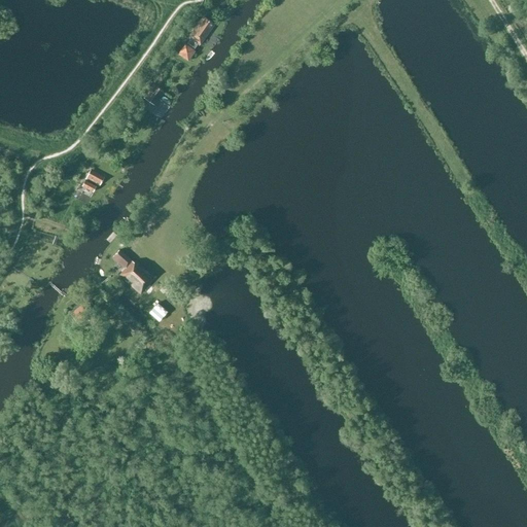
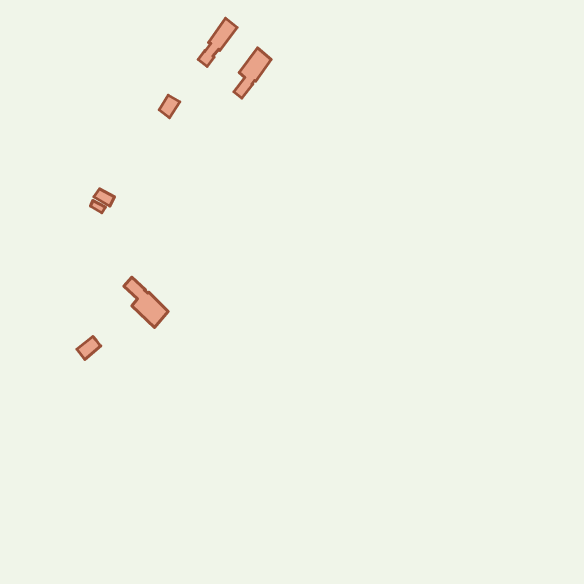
building: none -> [234,48,271,98]

